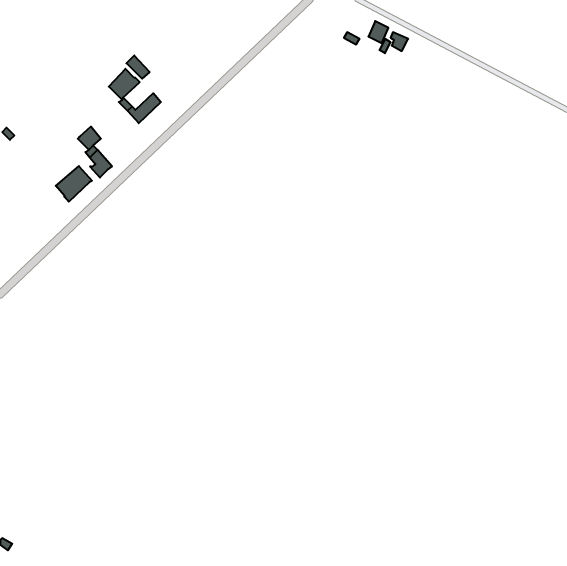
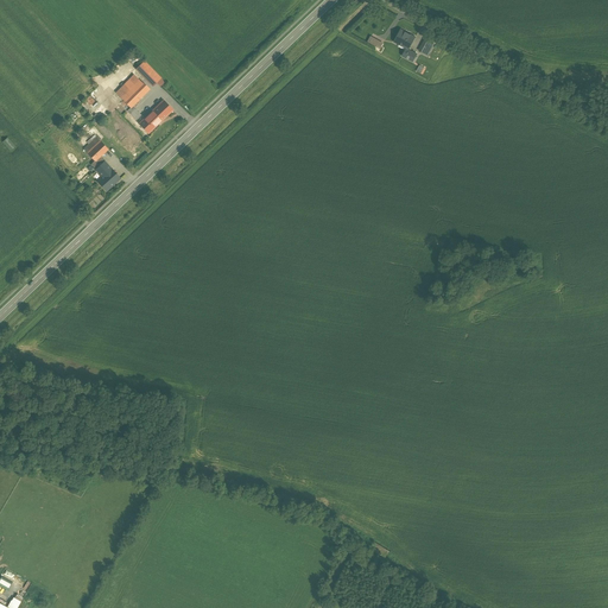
building: [56,166,92,202] -> none

